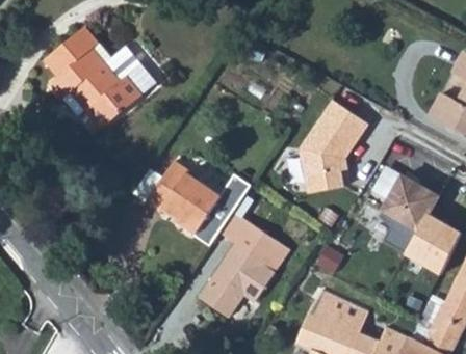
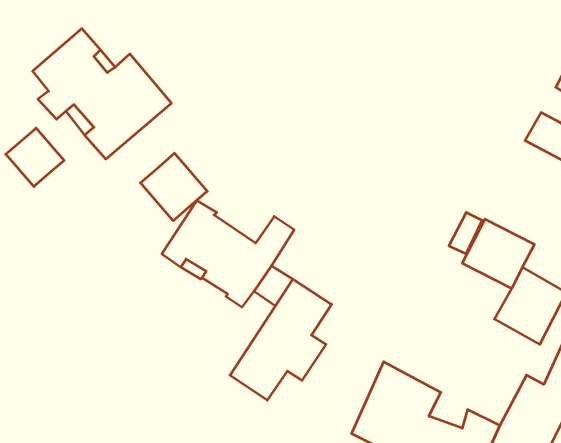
building: [300,101,367,193] -> none
building: none -> [6,128,64,187]
building: none -> [140,153,207,221]

